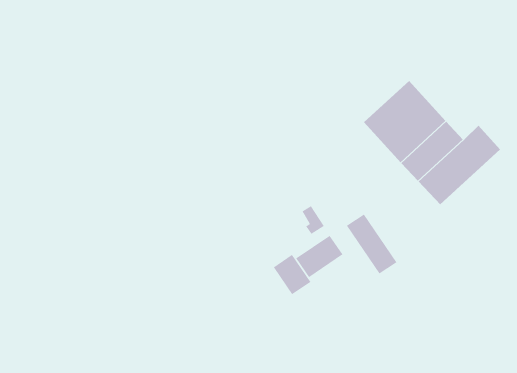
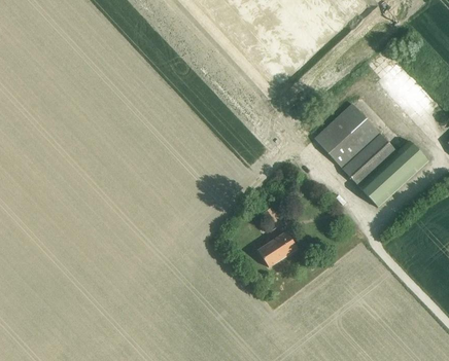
building: [346,213,397,275] -> none
building: [273,254,311,295] -> none

